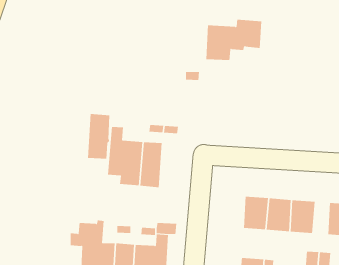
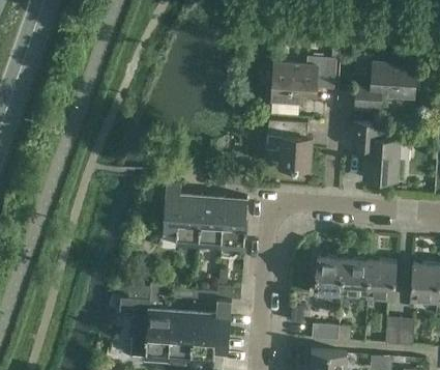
building: none -> [354,63,416,111]
building: none -> [267,119,312,169]
building: none -> [351,123,399,182]
building: [87,113,110,159] -> [221,196,246,248]

